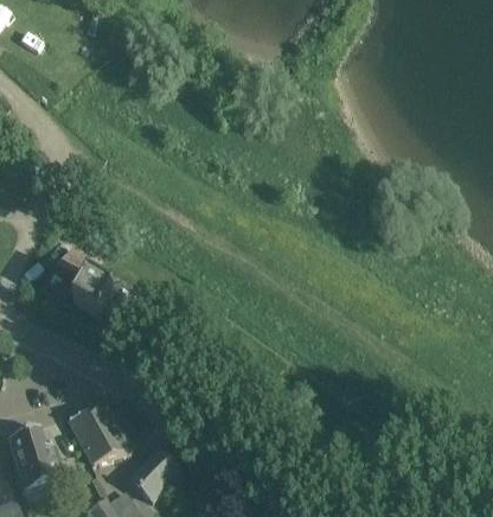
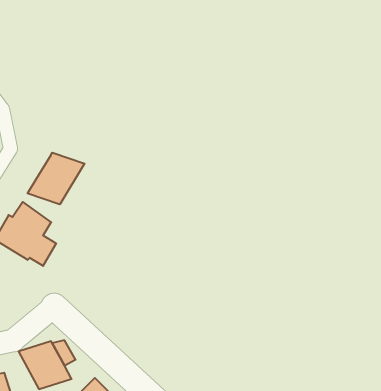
building: none -> [28,153,85,204]

